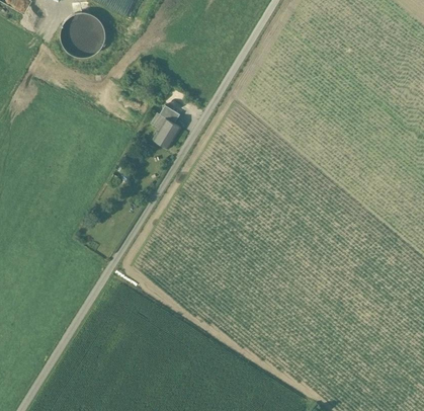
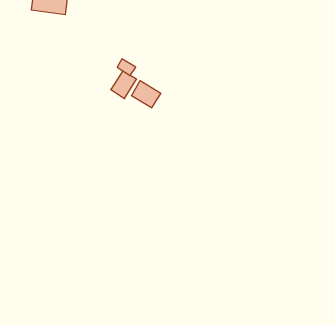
building: none -> [131,81,161,108]

